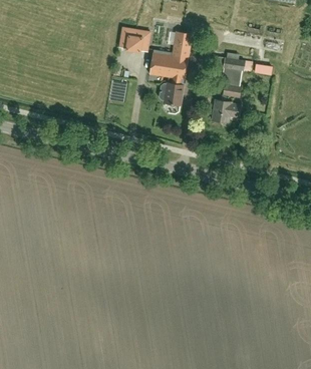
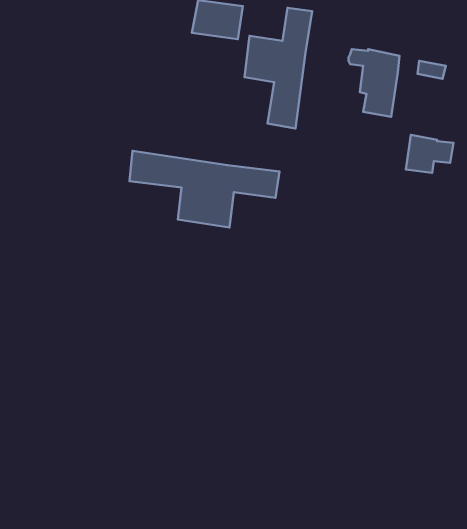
building: [213,99,242,122] -> [406,135,454,173]
building: none -> [130,151,279,228]

